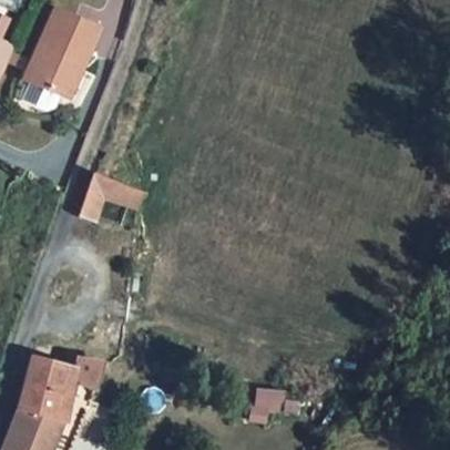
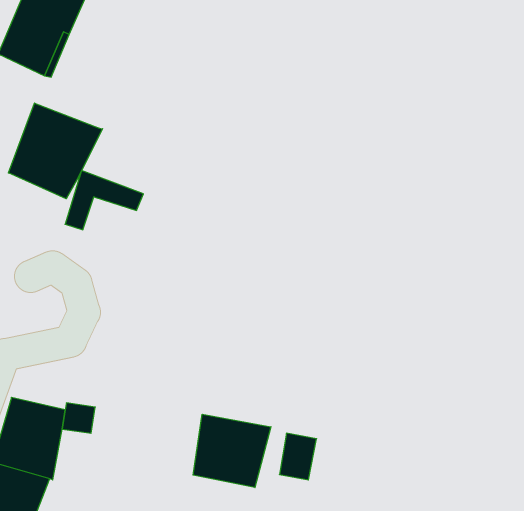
building: none -> [8,103,103,199]
building: none -> [193,414,271,488]

